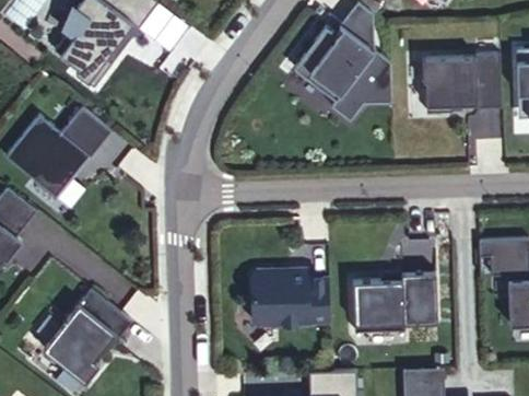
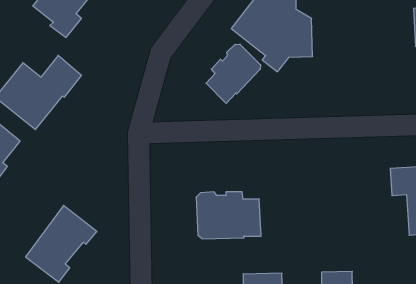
building: [423,54,501,113] -> none
building: none -> [206,44,261,103]
building: [353,271,443,329] -> none

